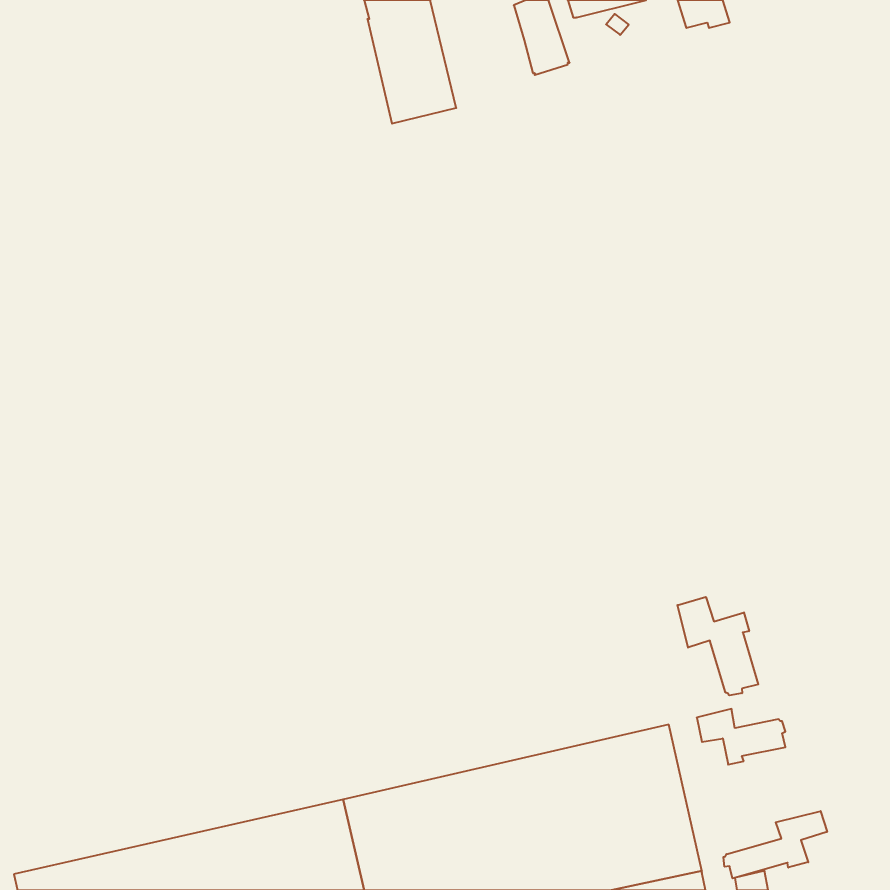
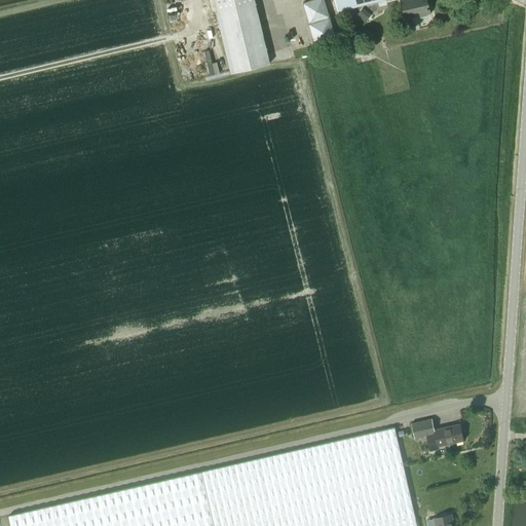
building: [677,597,758,695] -> none
building: [723,811,827,878] -> none

